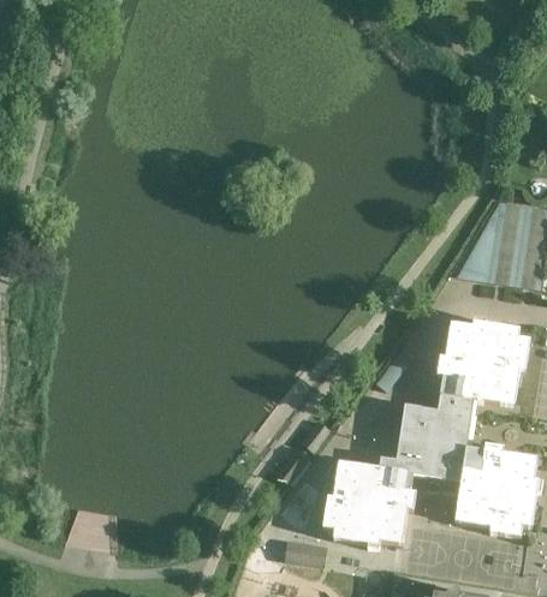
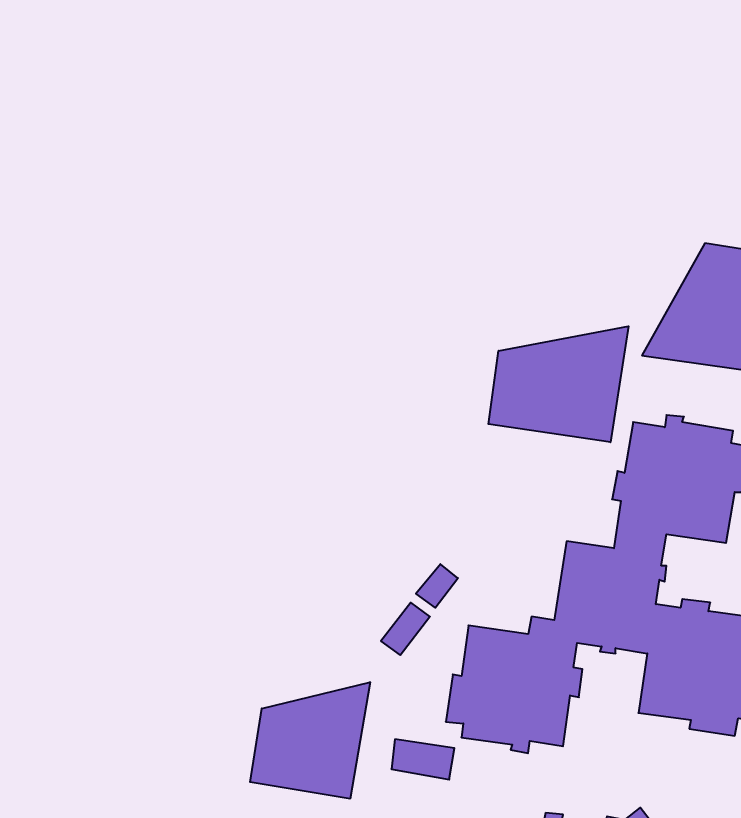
building: none -> [488,326,629,442]
building: none -> [250,682,370,799]

